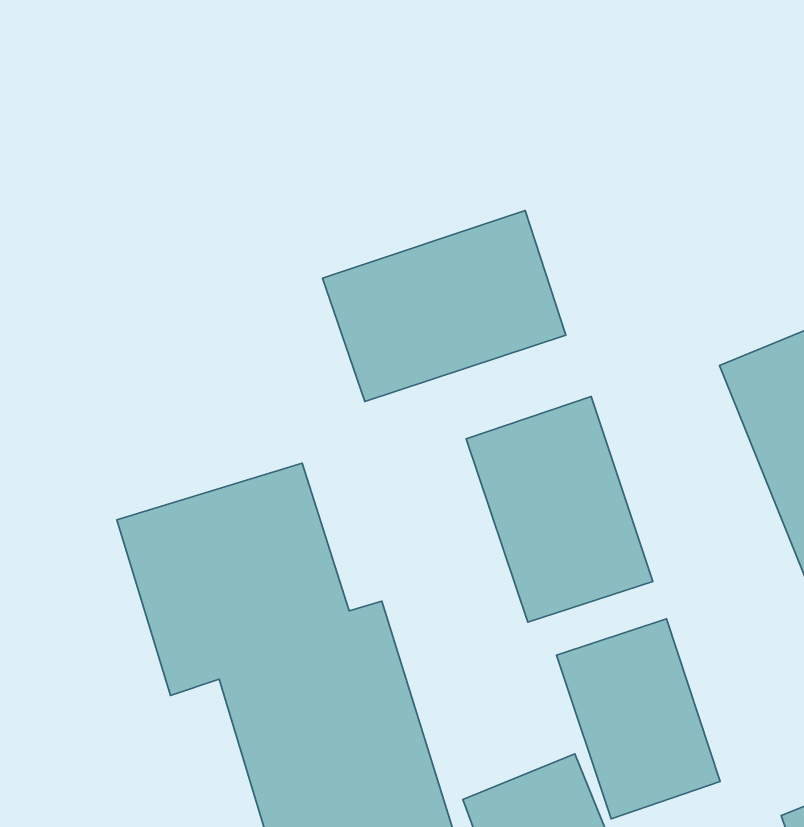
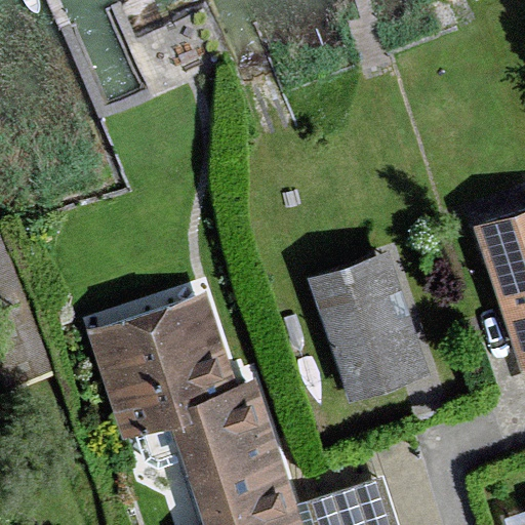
building: [323,211,566,402] -> none
building: [557,619,720,819] -> none

